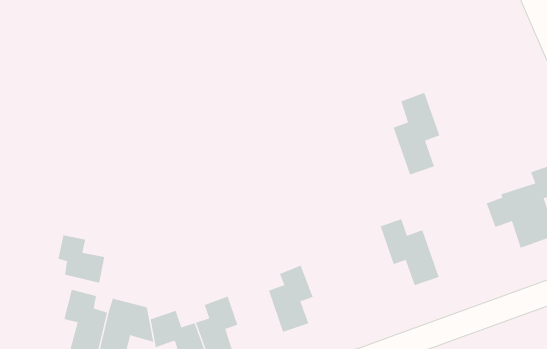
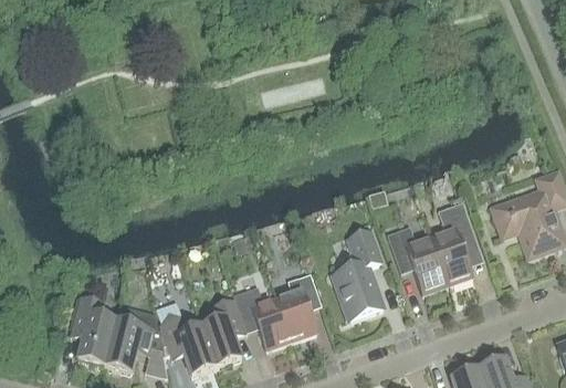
building: [393,92,440,175] -> [430,200,478,283]
building: none -> [333,228,382,317]
building: [58,234,105,284] -> none
building: none -> [233,290,290,347]

